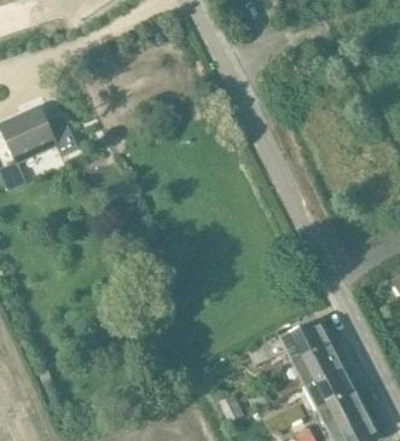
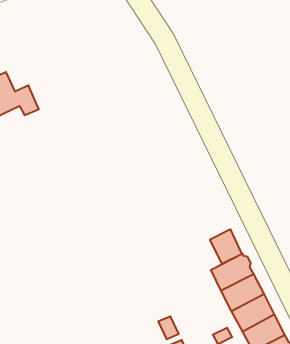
building: none -> [210,229,242,264]

